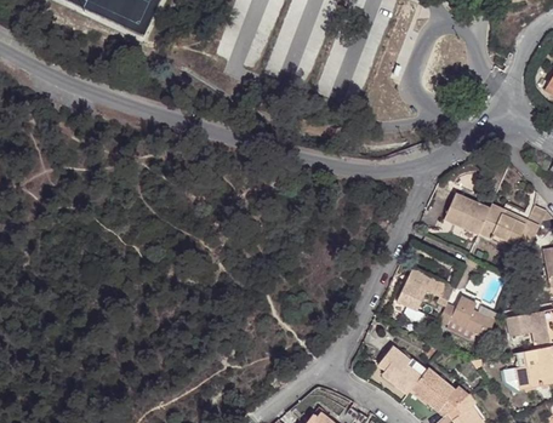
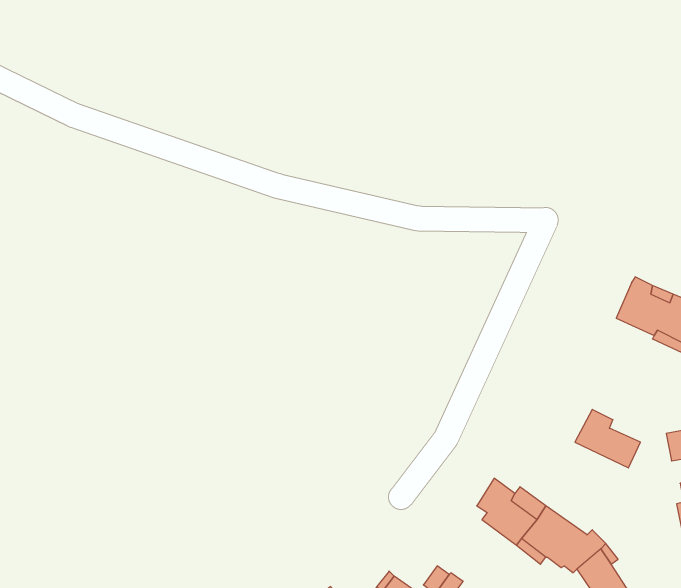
building: [444,193,489,234] -> none
building: [395,268,454,313] -> none

